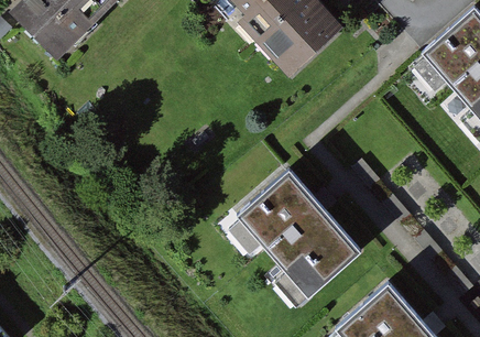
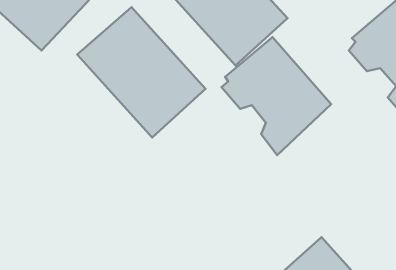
building: none -> [77,7,205,137]
building: [234,170,362,307] -> [221,37,331,155]

